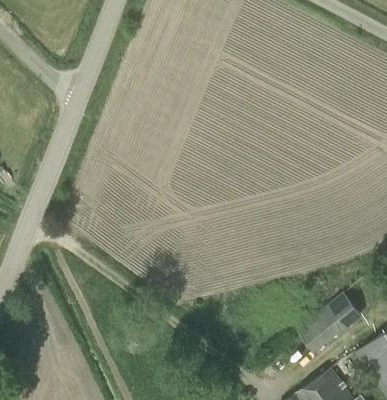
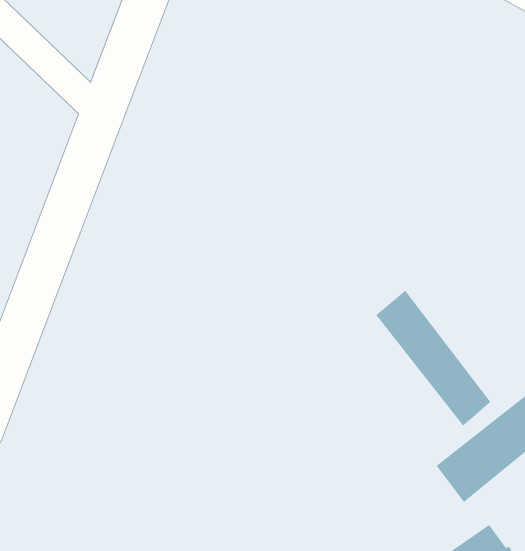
building: none -> [375,290,491,426]

